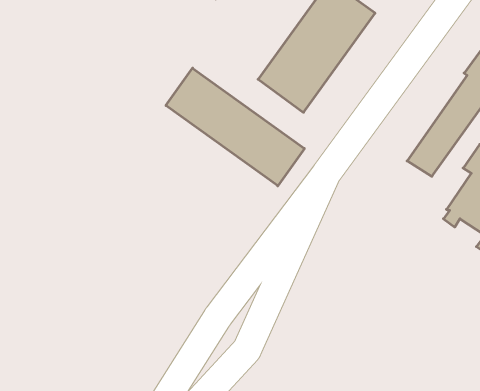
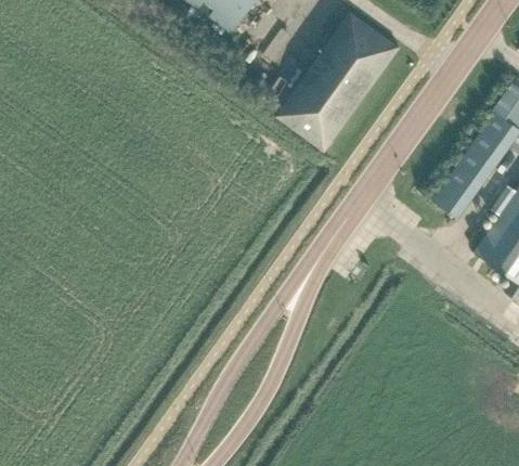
building: [166,68,304,186] -> none

